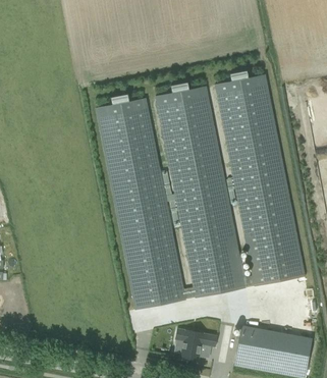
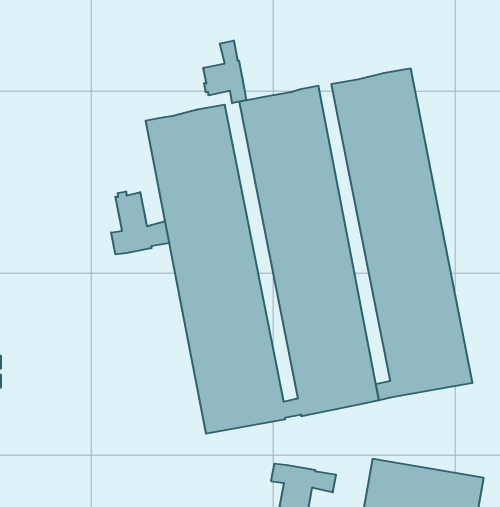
building: none -> [203,40,246,103]
building: none -> [111,191,169,254]

